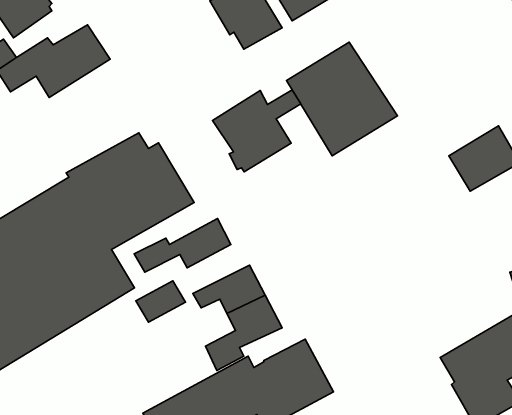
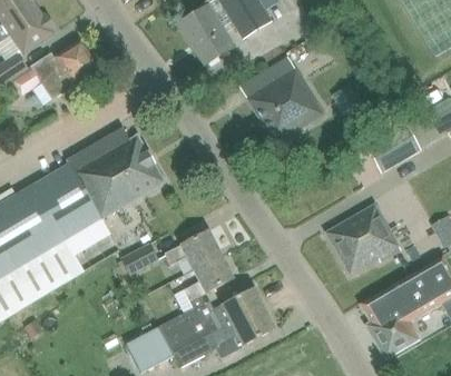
building: [212,90,301,172] -> none
building: [134,219,231,272] -> none
building: none -> [324,201,402,273]

